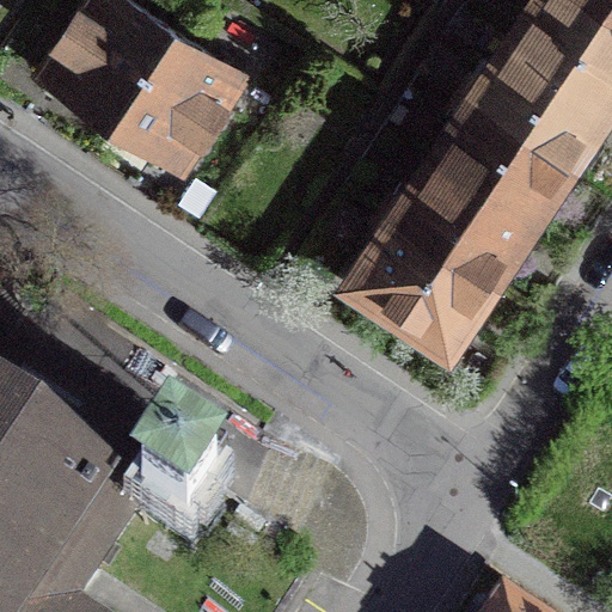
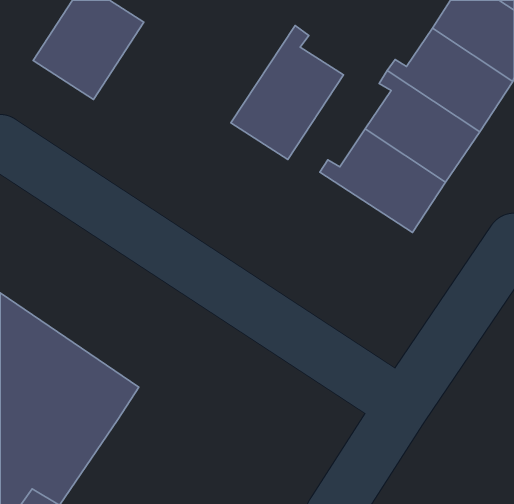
building: [111,38,241,177] -> none
building: none -> [231,26,343,159]
building: [351,216,500,354] -> none

